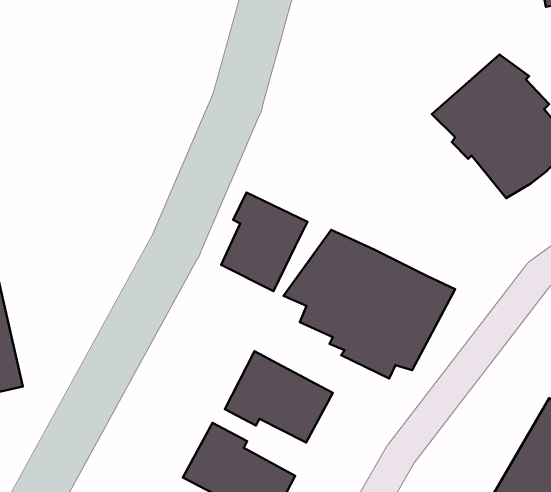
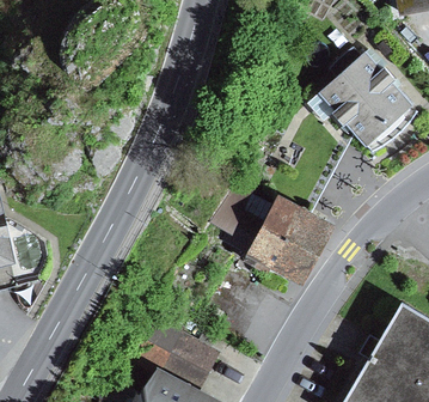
building: [221,193,307,291] -> none
building: [225,351,333,442] -> none

